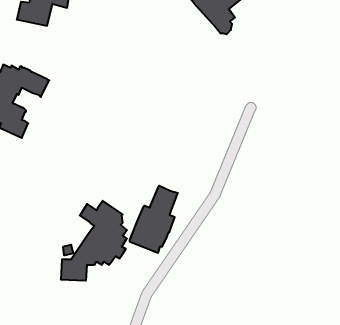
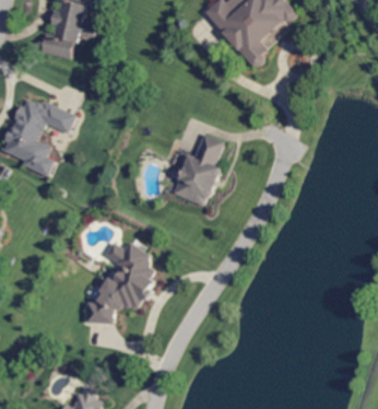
building: [130,186,178,253] -> [173,135,223,204]

